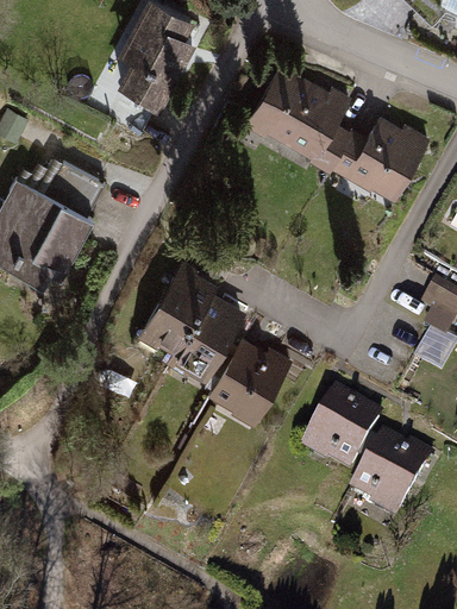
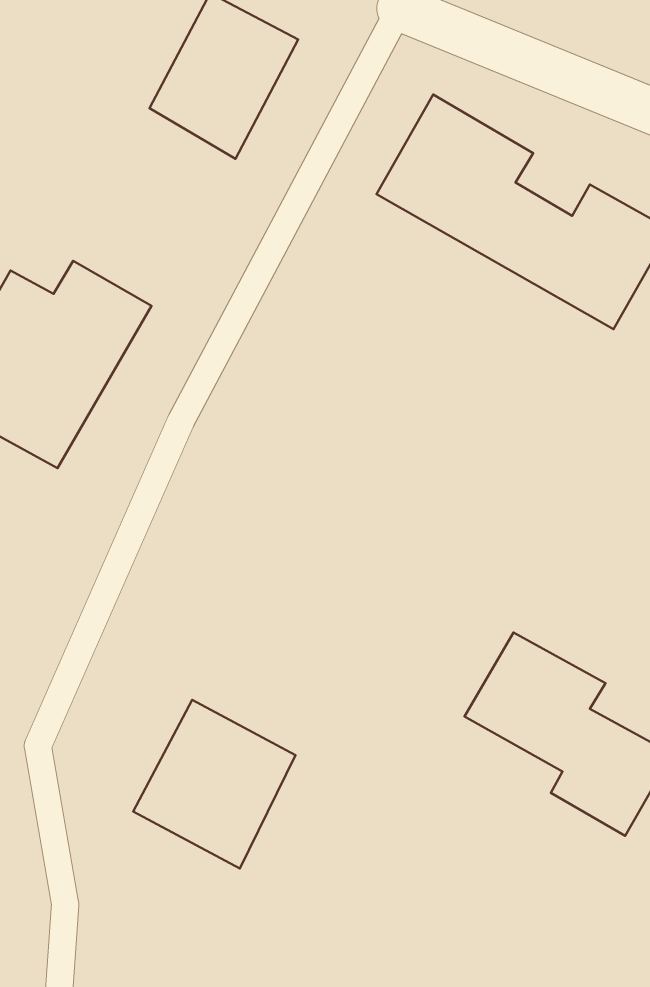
building: [140,264,289,422] -> none
building: none -> [133,700,295,869]

